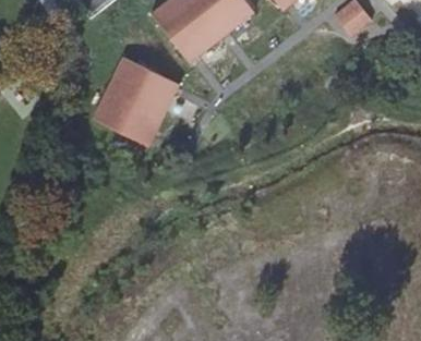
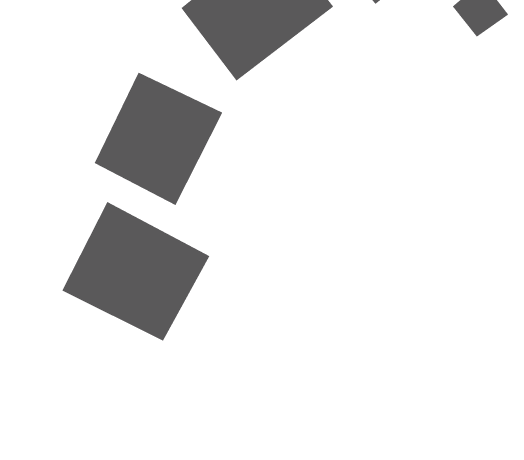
building: none -> [62,201,210,342]

